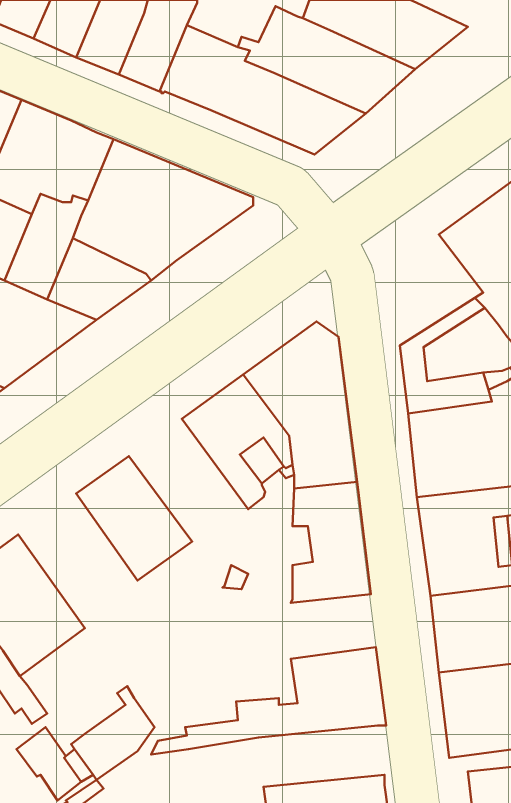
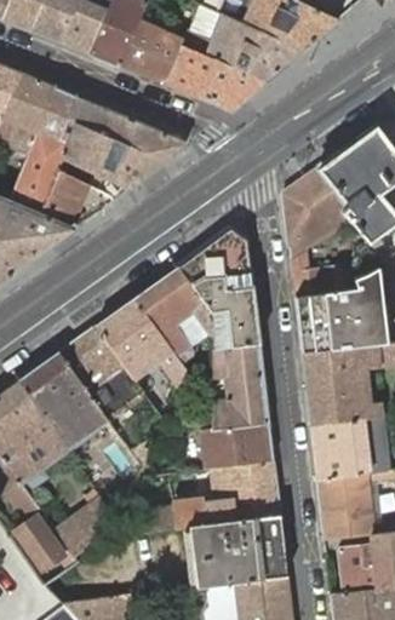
building: none -> [282,168,349,247]
building: none -> [97,299,185,385]
building: none -> [18,352,107,448]
building: none -> [202,424,273,470]
building: none -> [189,517,279,561]

